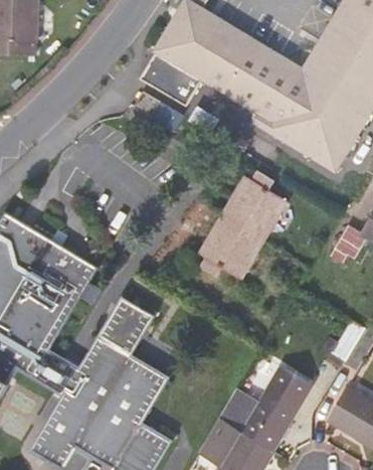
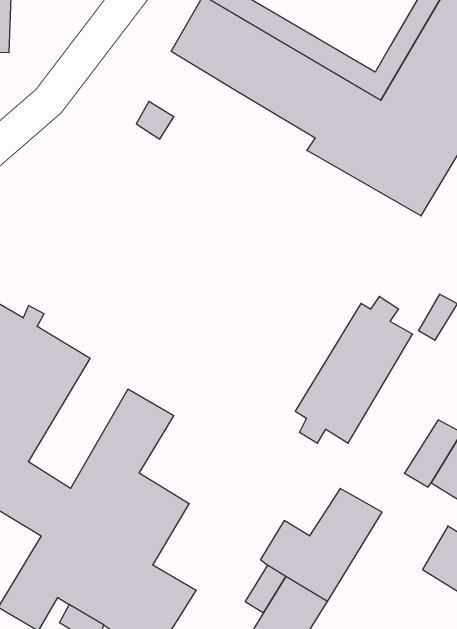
building: [140,52,200,105] -> none
building: [199,173,284,279] -> [295,296,413,443]

